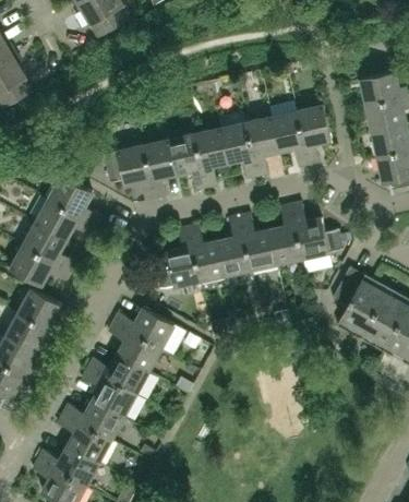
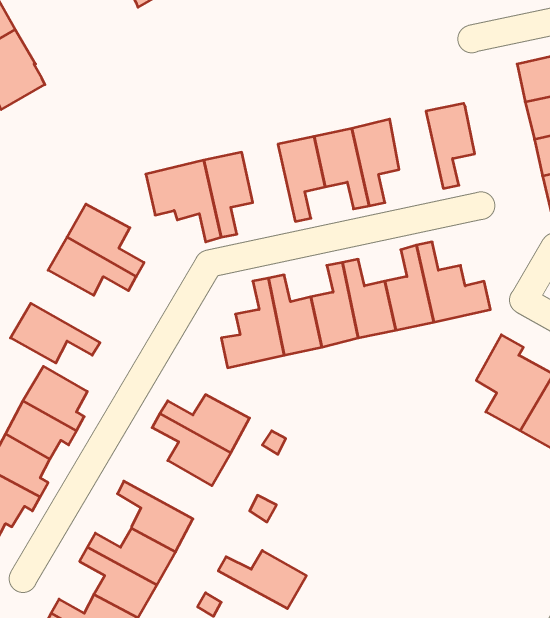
building: [272,111,309,168] -> none
building: [169,134,206,190] -> none
building: [23,222,76,272] -> none
building: [87,354,148,394] -> [218,550,306,609]

